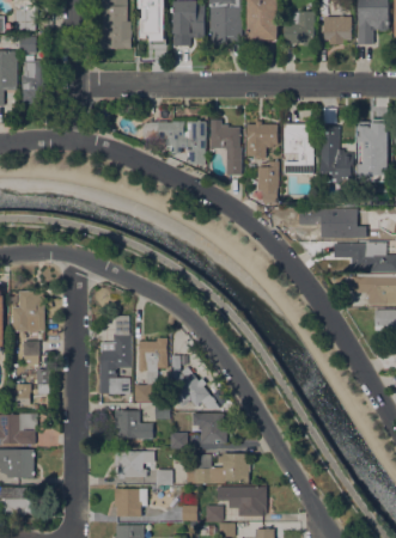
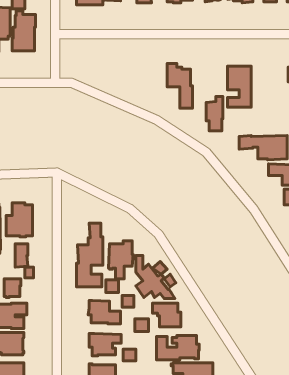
building: [142,117,206,164] -> none
building: [245,121,276,158] -> none
building: [319,126,353,183] -> none

